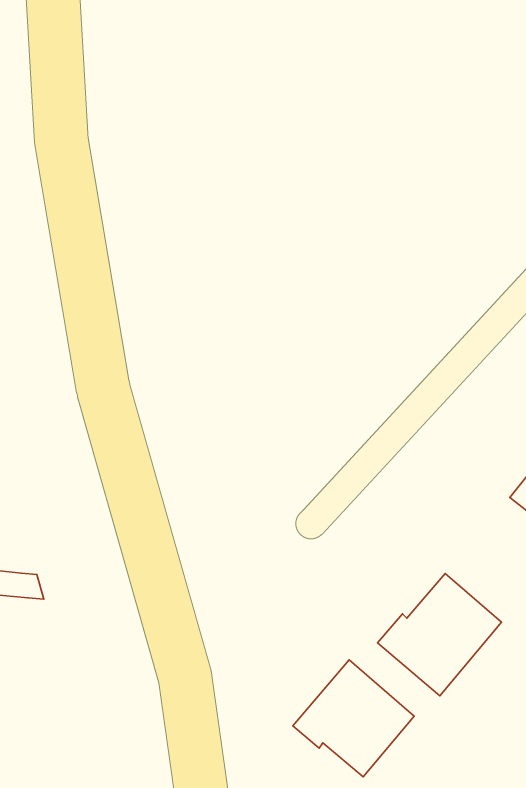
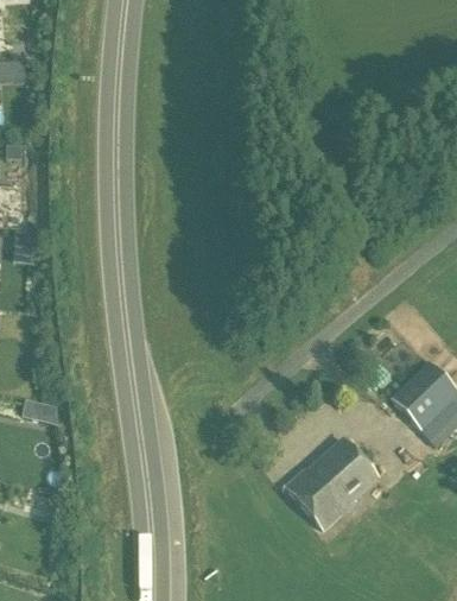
building: [293,660,414,777] -> none

